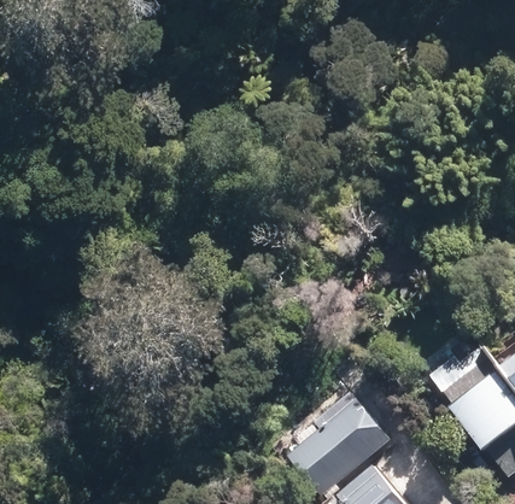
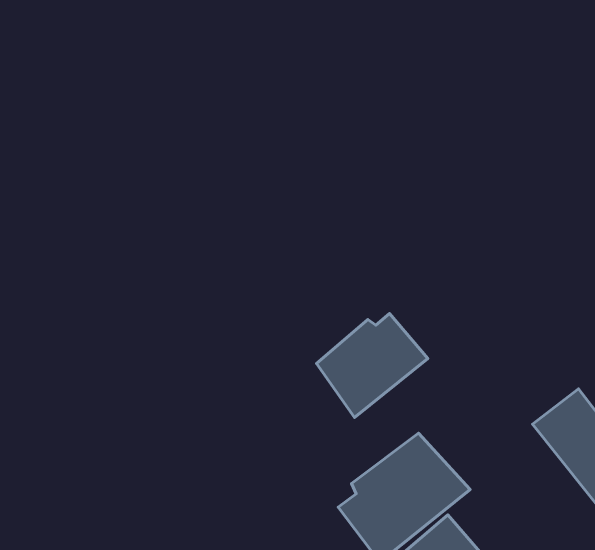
building: none -> [316,313,428,418]

